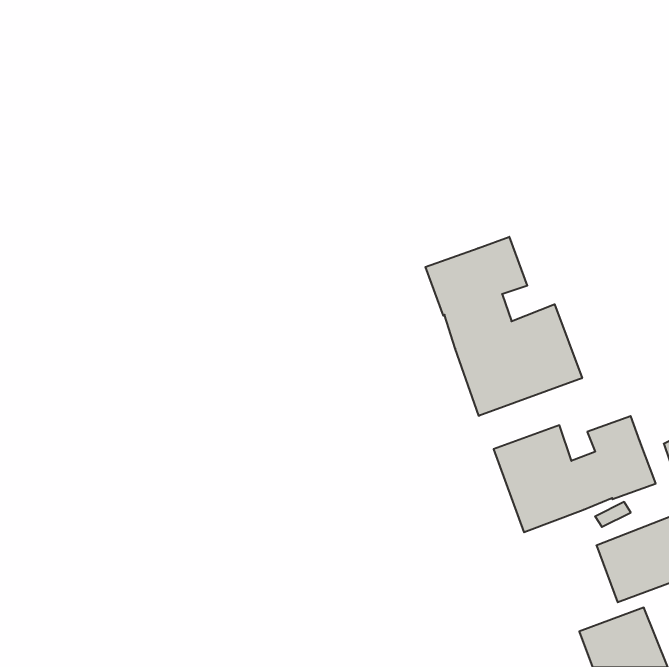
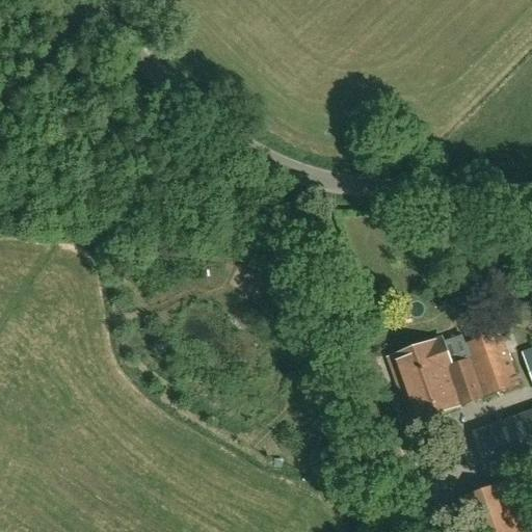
building: [425,237,582,416] -> none

